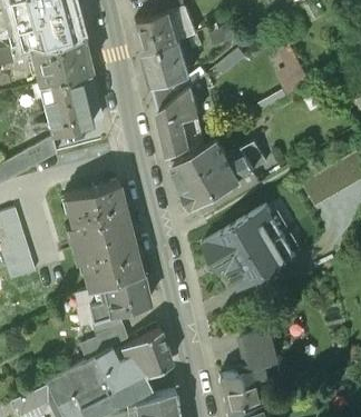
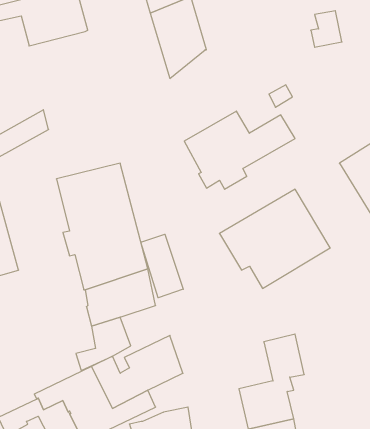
building: [31,70,100,133] -> none
building: [160,86,203,155] -> none
building: none -> [141,234,183,298]

